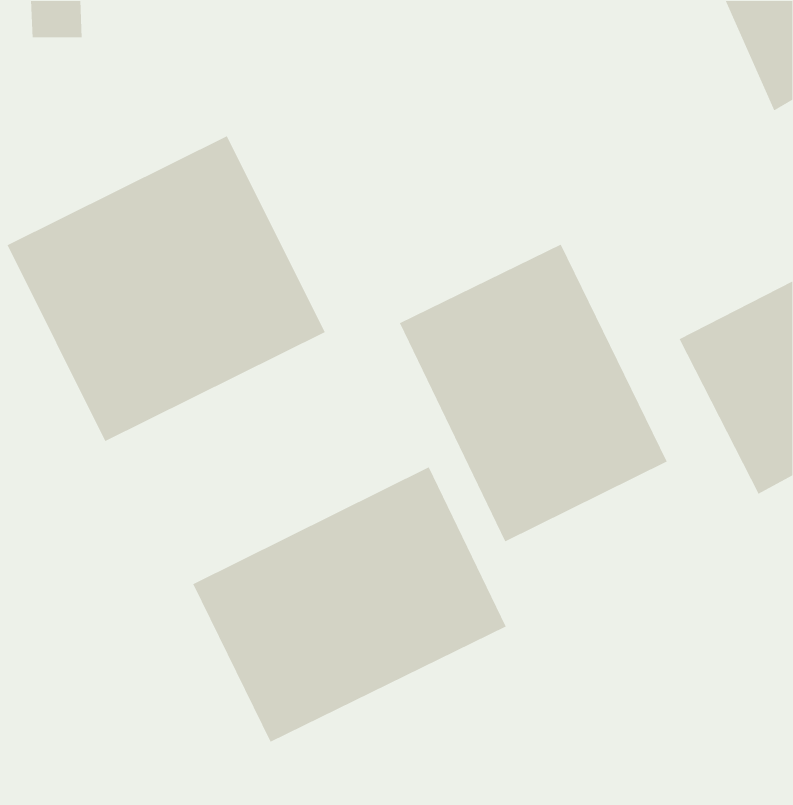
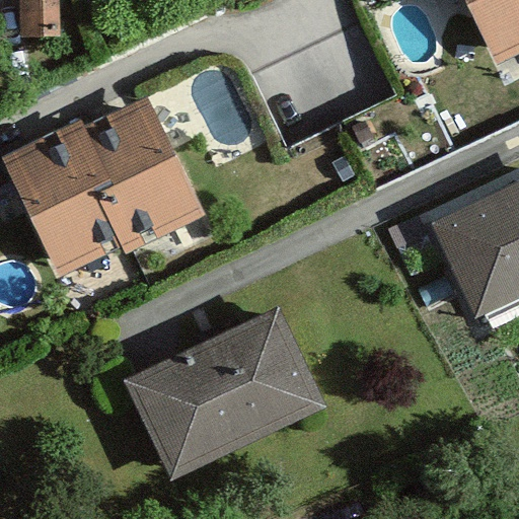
building: [399,243,668,542] -> none

